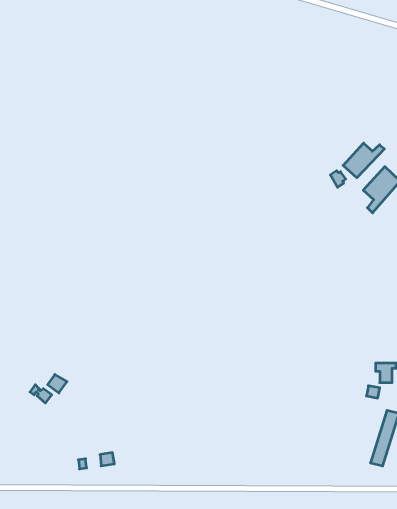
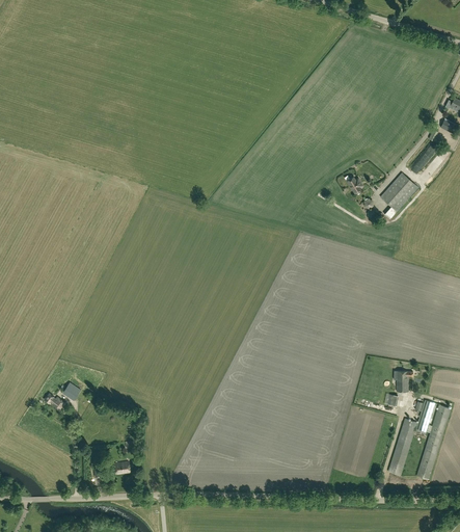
building: [343,143,384,178] -> none

